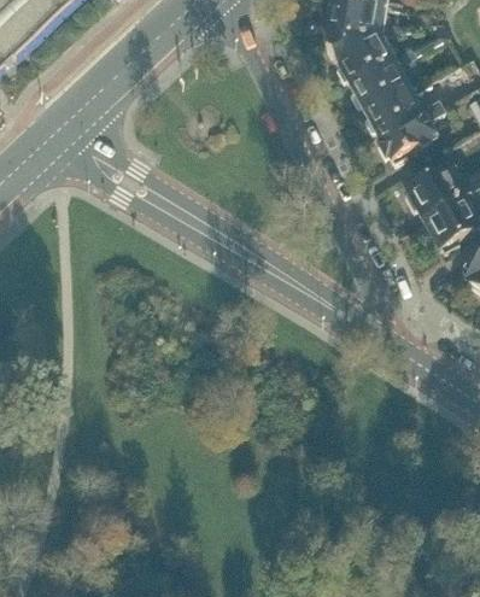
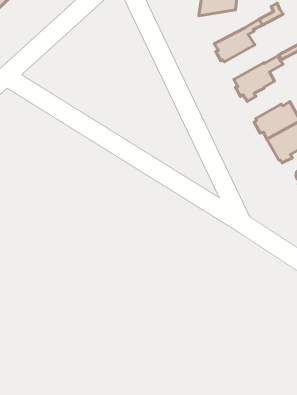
building: [326,29,392,77] -> none
building: [363,68,433,128] -> none

